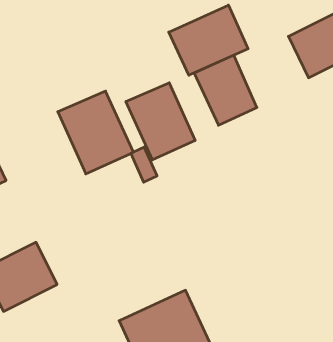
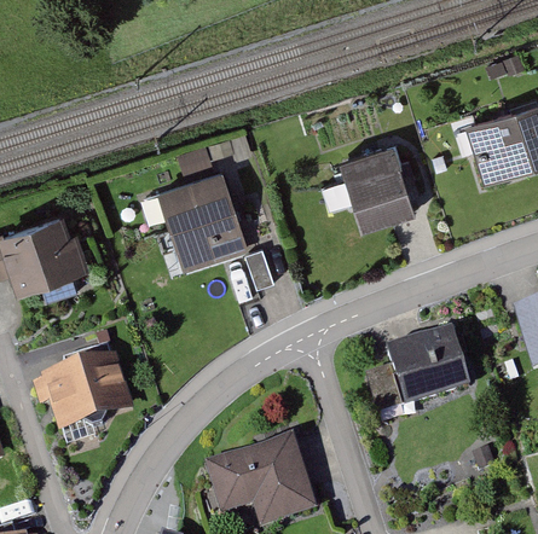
building: [169,5,248,75] -> none
building: [126,83,195,160] -> none
building: none -> [383,330,469,411]

